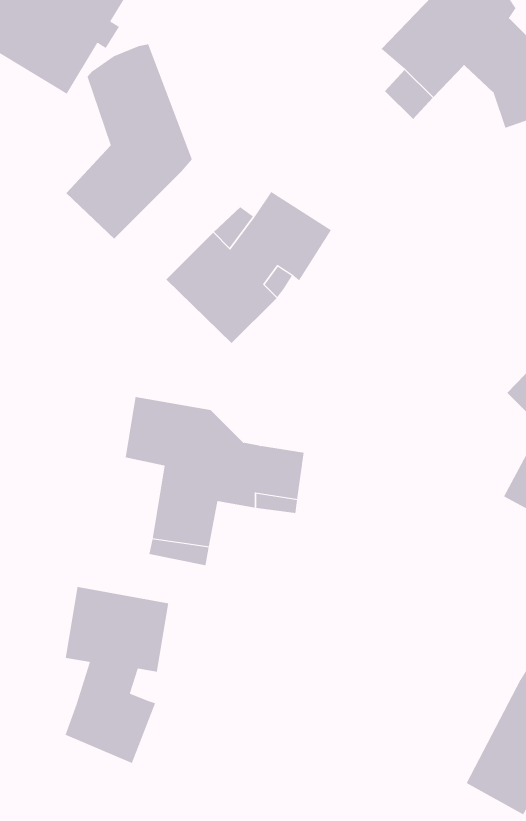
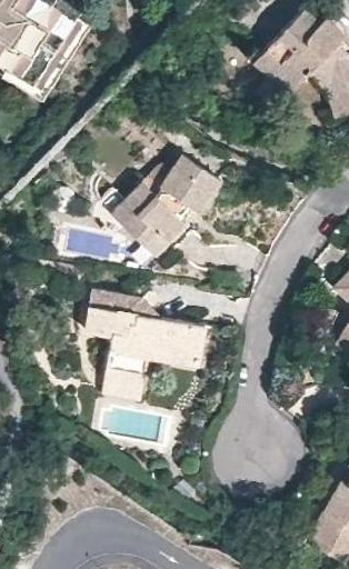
building: [66,43,193,240] -> none
building: [65,586,169,764] -> none

